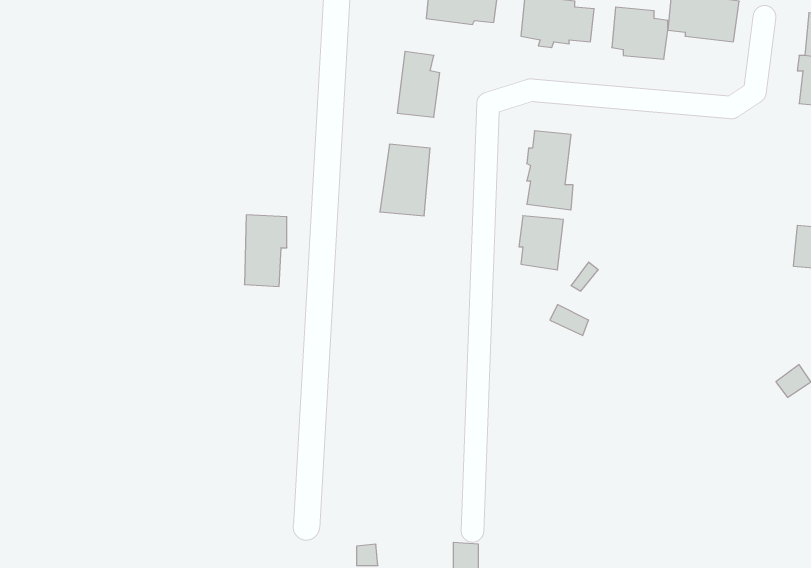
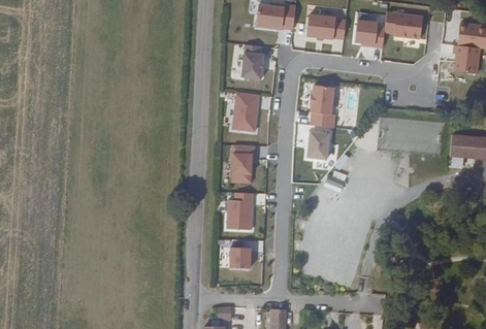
building: [244,215,287,286] -> [231,144,254,183]
building: none -> [226,192,252,229]
building: none -> [229,248,250,268]

